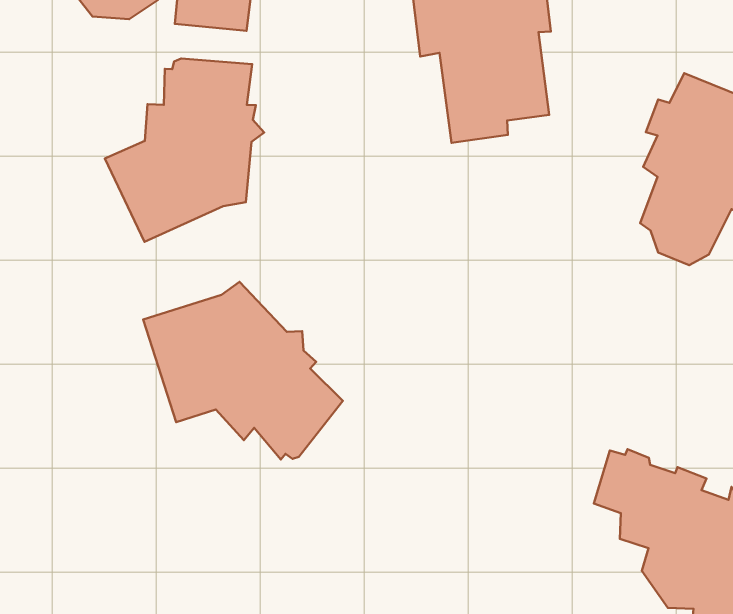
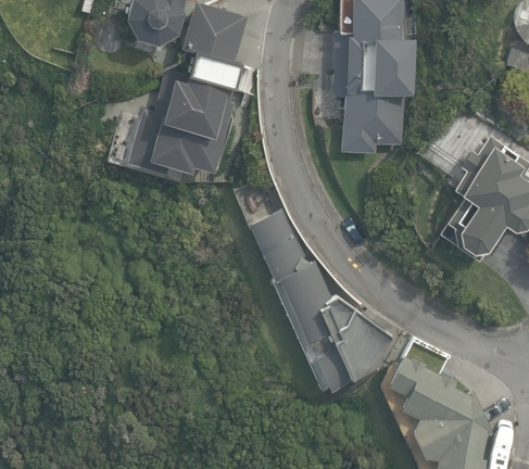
building: none -> [249,208,394,401]
building: [143,282,343,459] -> none

